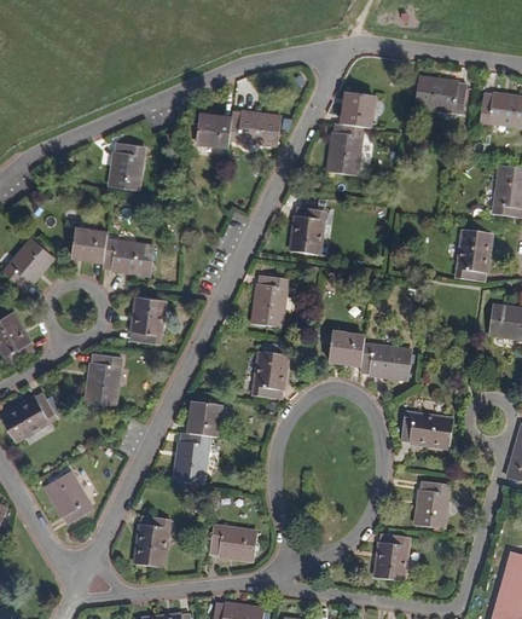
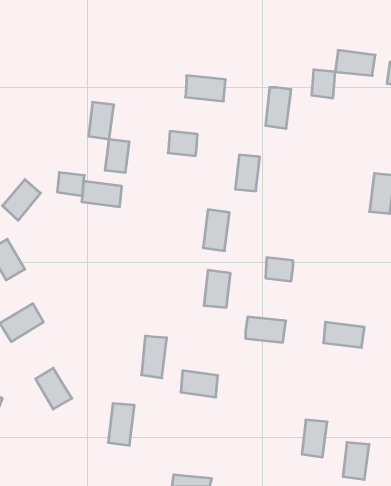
building: [343,93,372,128] -> [312,70,335,98]
building: [196,114,232,144] -> [168,131,197,156]
building: none -> [105,139,129,173]
building: [132,297,161,341] -> none
building: [361,346,411,377] -> [246,317,286,342]
building: [87,354,120,403] -> none
building: [190,401,220,435] -> none
building: [416,482,448,528] -> [343,442,369,480]
building: [209,526,255,559] -> [181,371,218,397]

